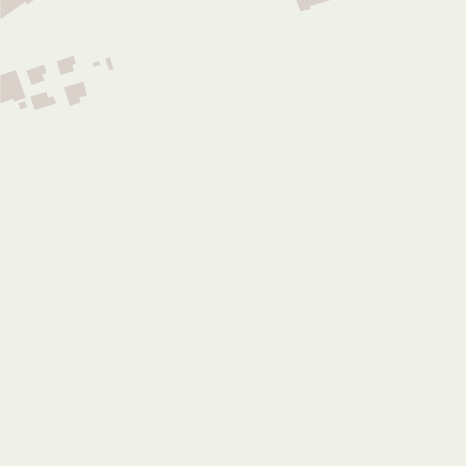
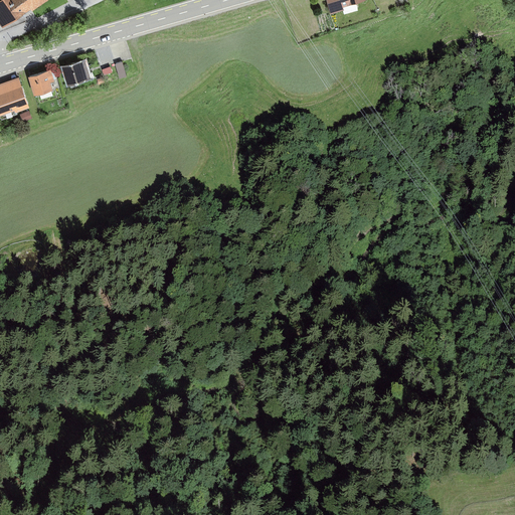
building: [63,81,88,107] -> none
building: [30,91,57,111] -> none

